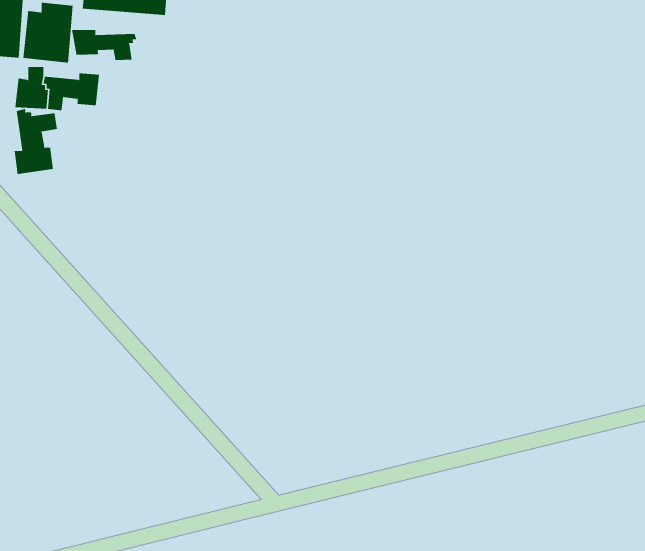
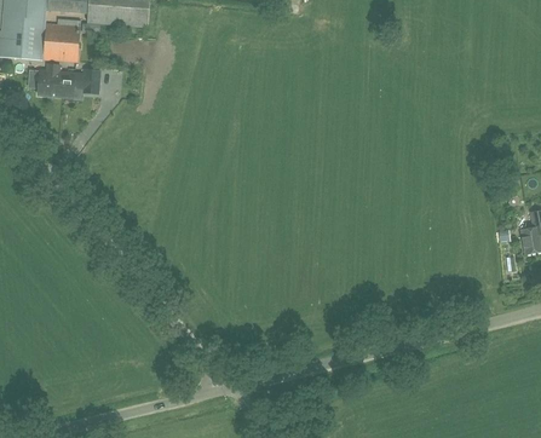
building: [72,29,137,61] -> none
building: [14,108,57,175] -> none

